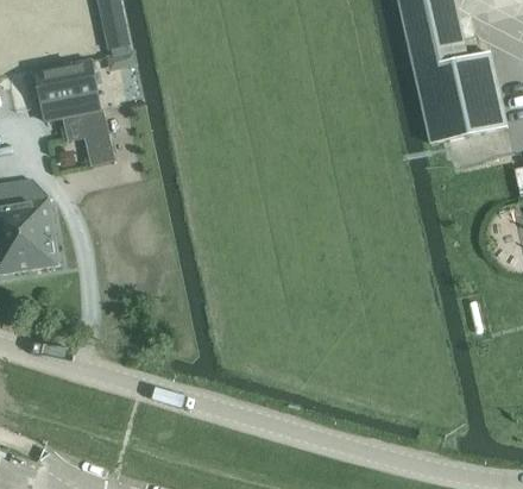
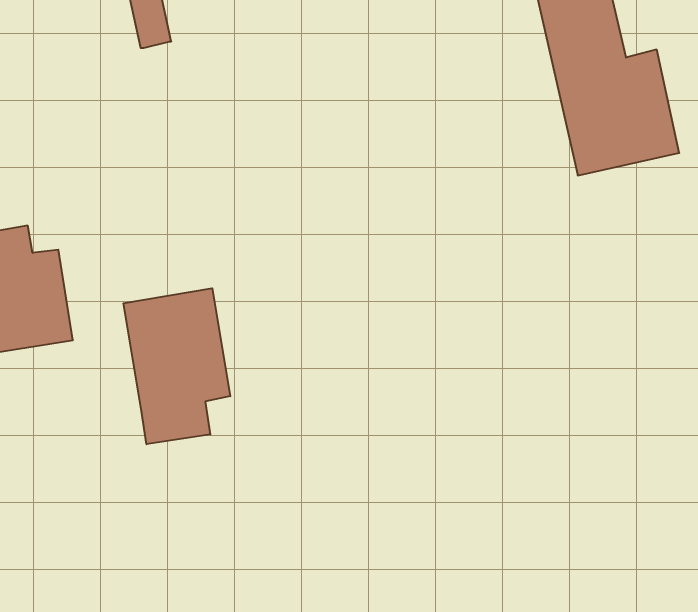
building: [34,59,114,167] -> none
building: none -> [123,288,230,444]

